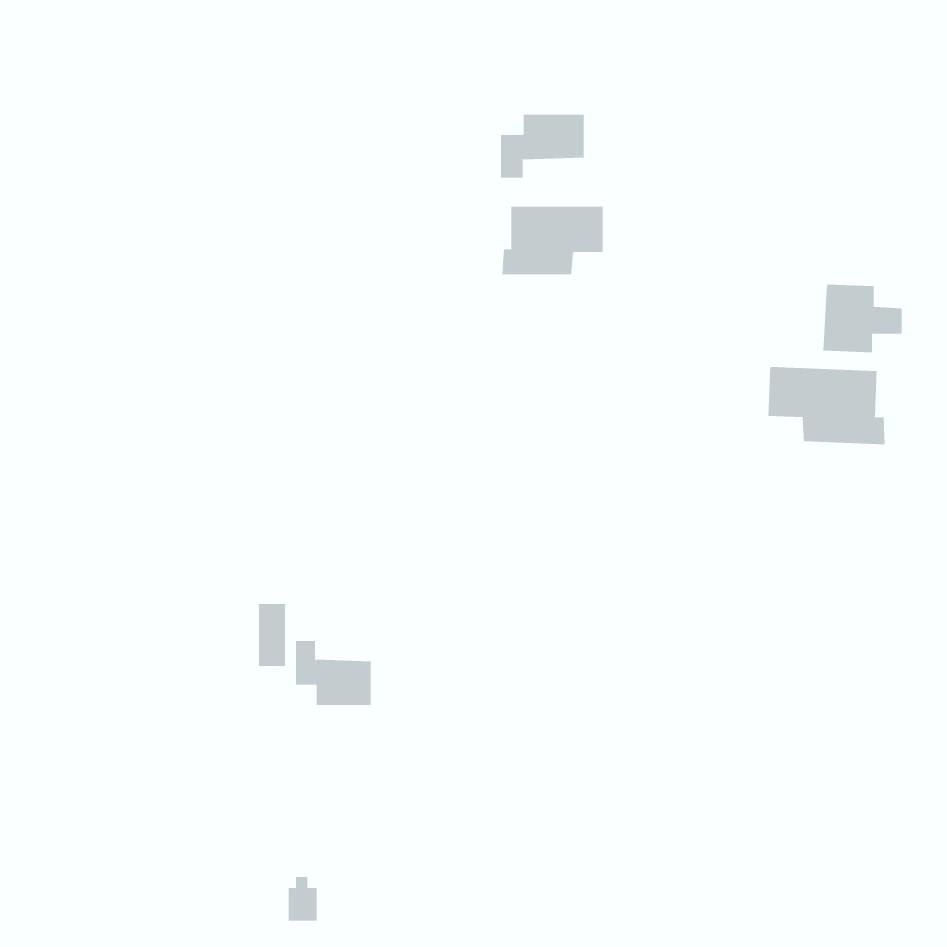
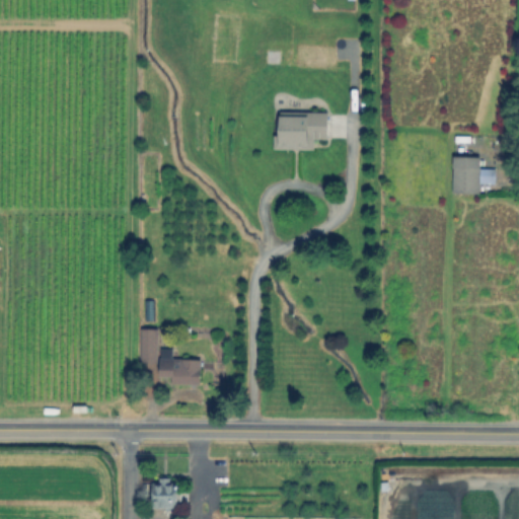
building: [501,114,584,179] -> none
building: [768,366,885,445] -> none

